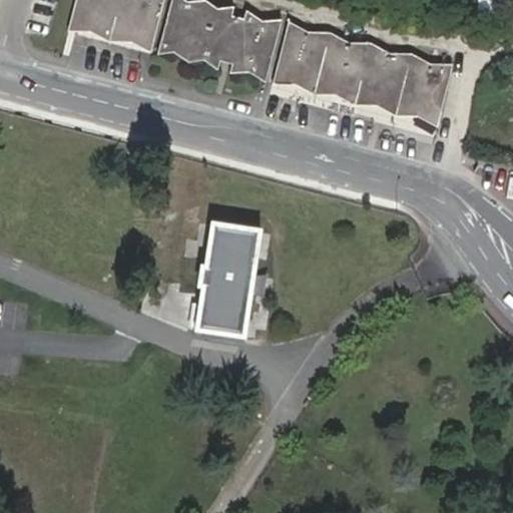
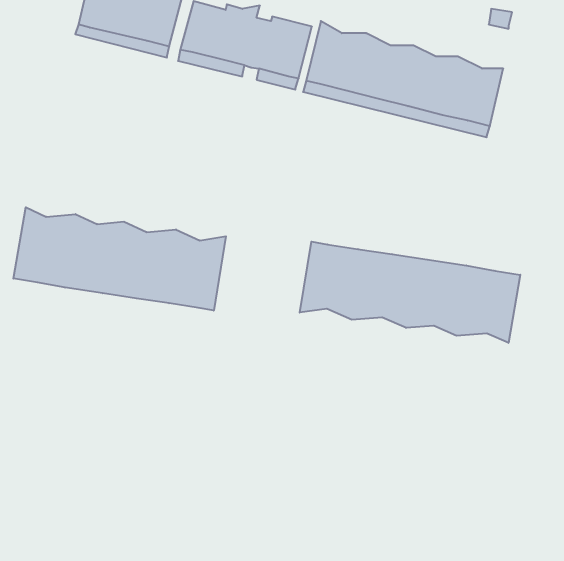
building: none -> [13,207,226,311]
building: none -> [300,242,520,343]
building: [195,219,256,332] -> none

